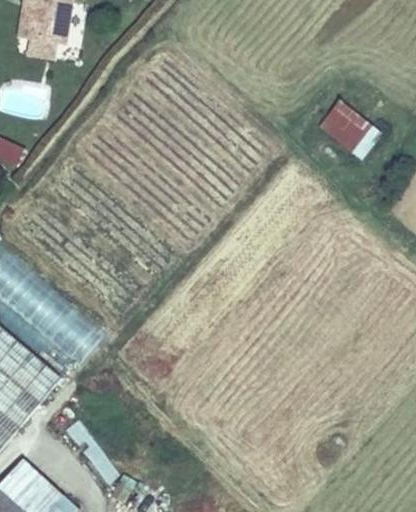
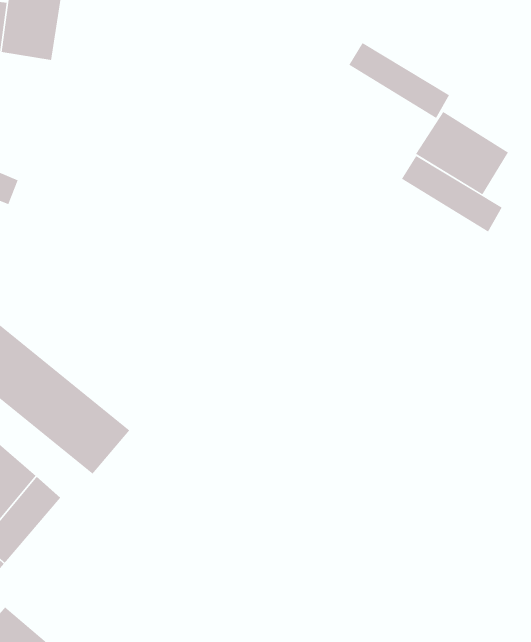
building: none -> [348,42,450,119]
building: none -> [401,155,502,232]

